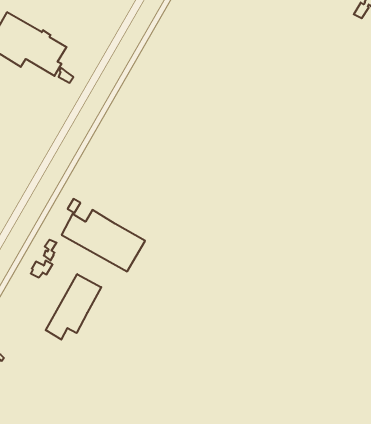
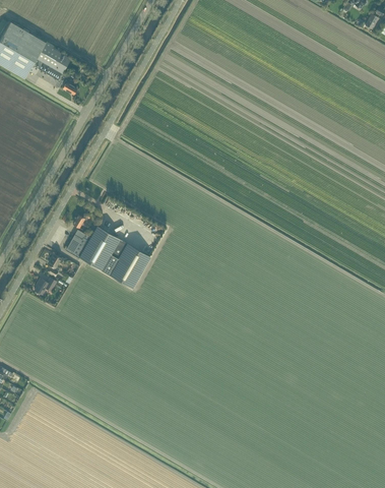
building: [46,274,101,340] -> none

